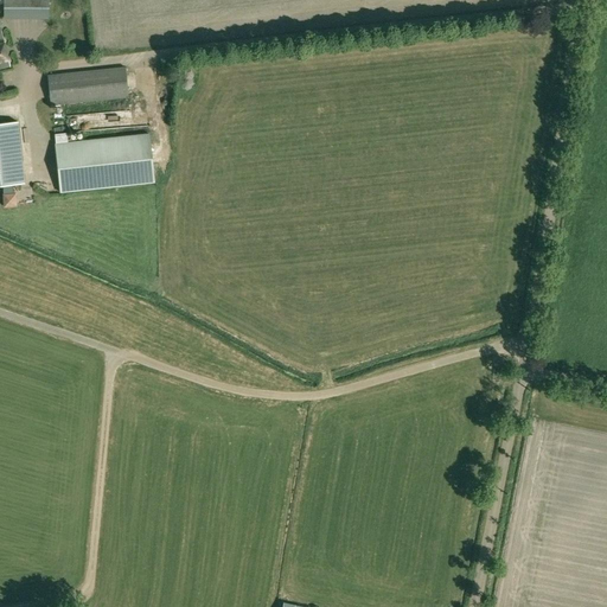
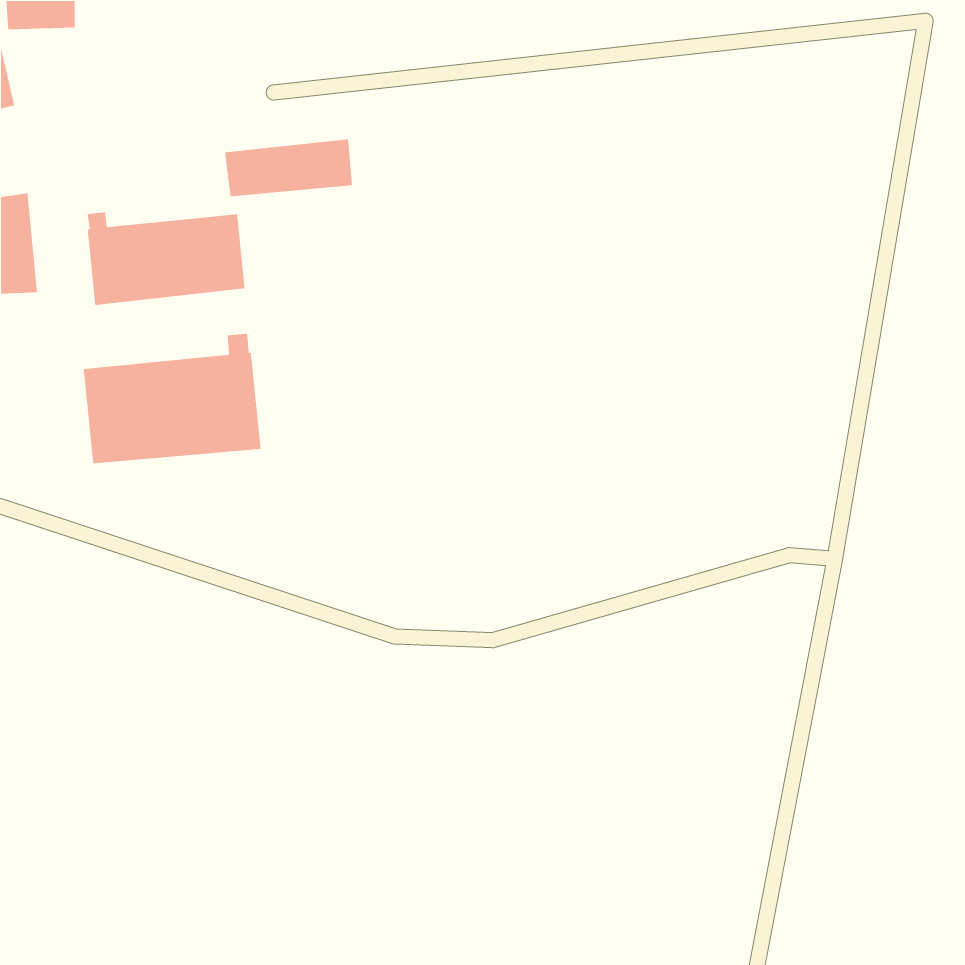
building: [47,68,128,104] -> [224,139,353,197]
building: none -> [83,333,261,464]

